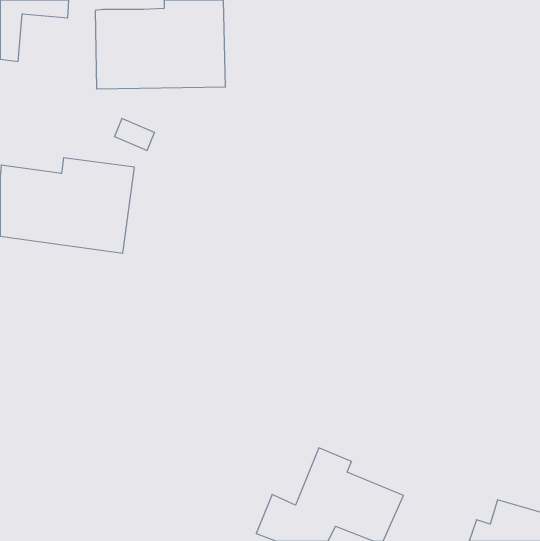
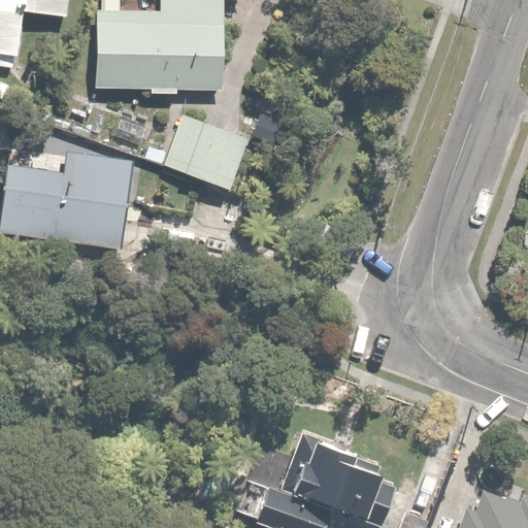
building: none -> [162,116,263,195]

